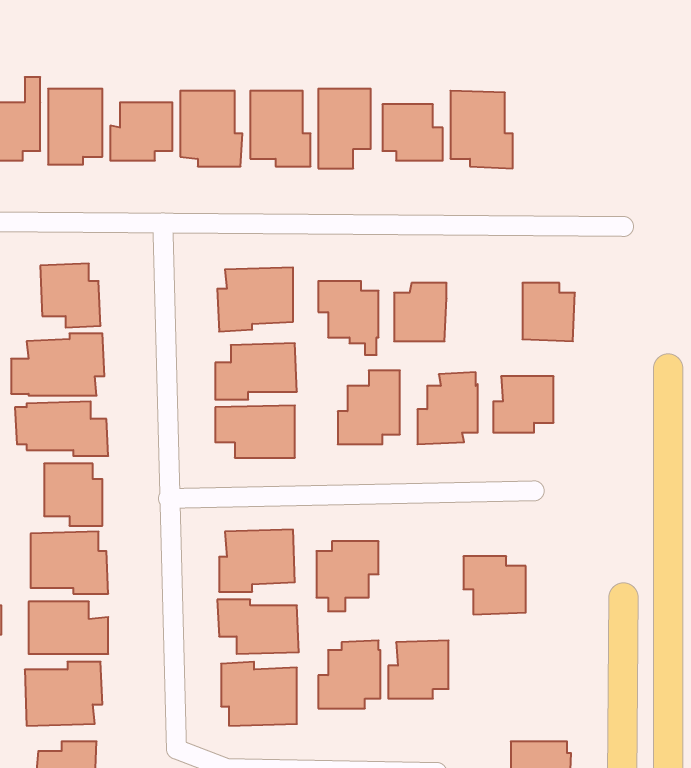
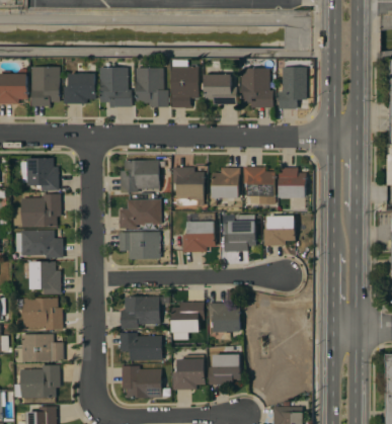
building: none -> [279,62,310,109]
building: none -> [242,167,275,204]
building: [463,556,526,614] -> [208,303,240,333]

